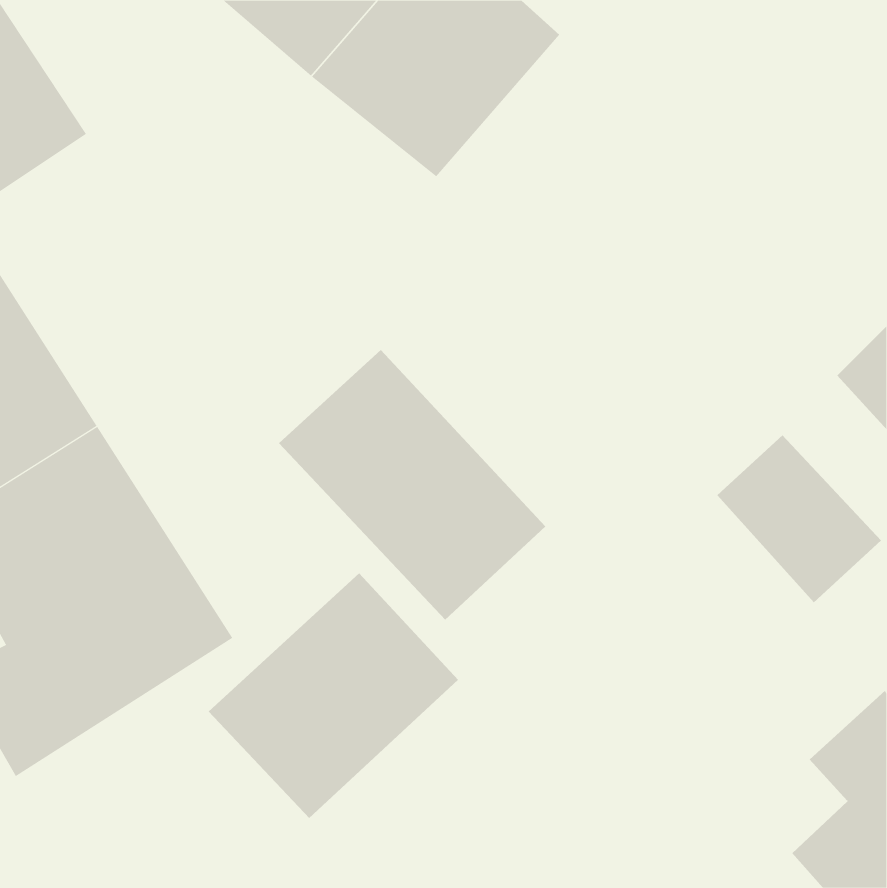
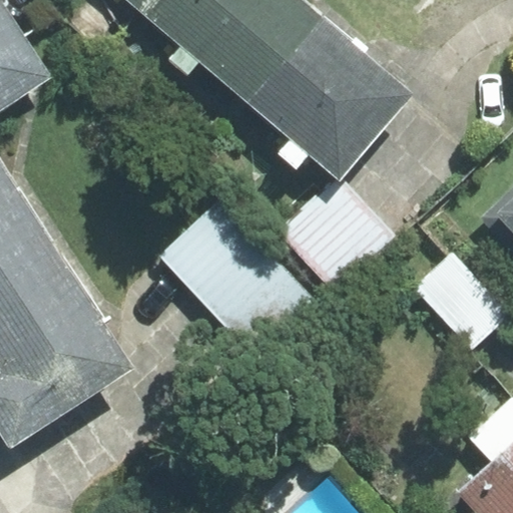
building: none -> [251,20,410,177]
building: none -> [279,180,388,290]
building: [208,573,459,819] -> none

